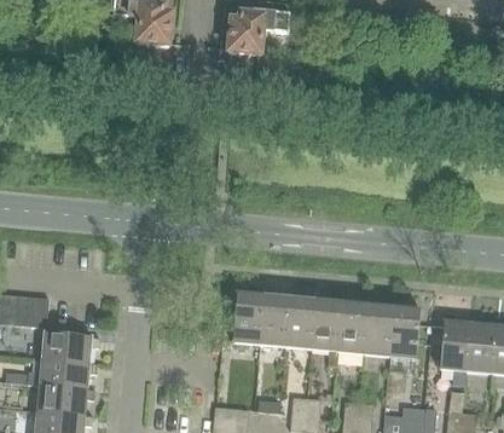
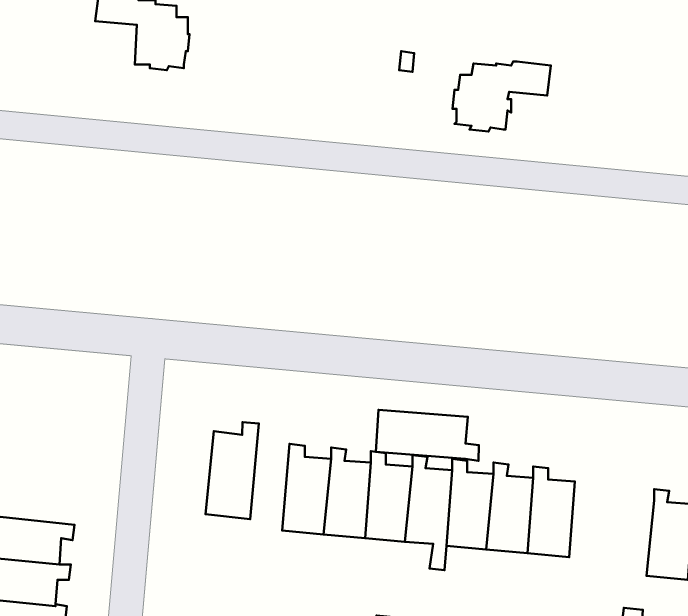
building: [226,10,289,54] -> [453,62,551,131]
building: none -> [376,410,479,461]
building: none -> [206,422,259,519]
building: [439,312,470,386] -> none

